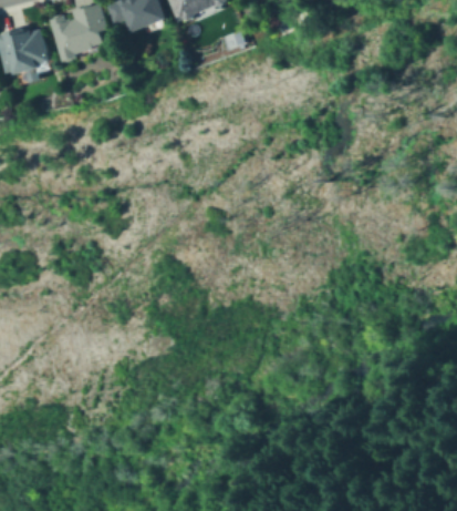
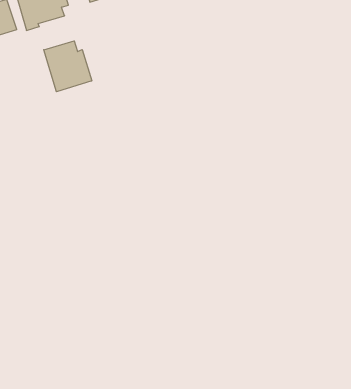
building: none -> [44,41,92,92]

